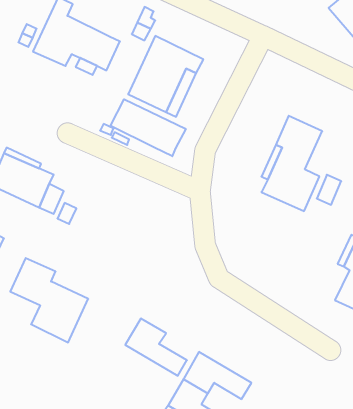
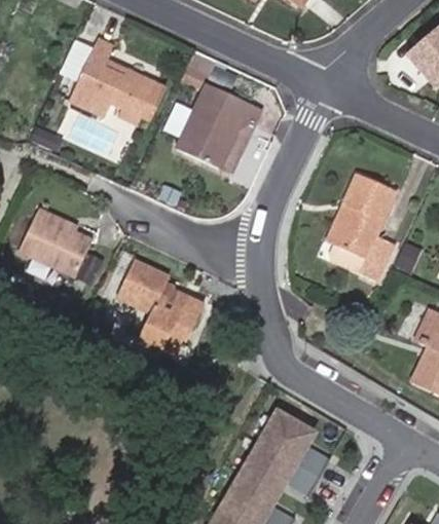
building: [110,99,186,156] -> none
building: [10,258,88,342] -> [115,259,204,354]
building: [125,319,187,376] -> [256,410,326,475]

